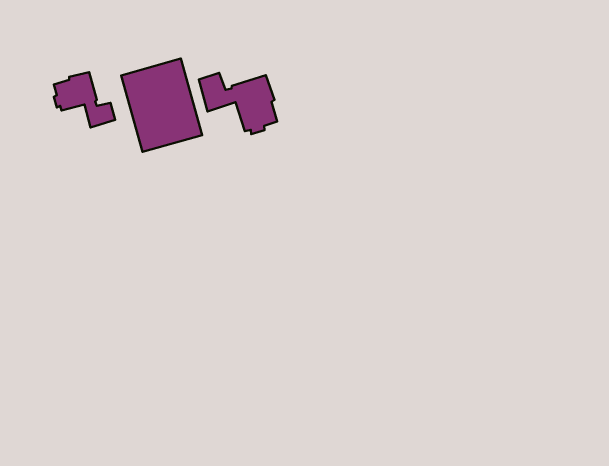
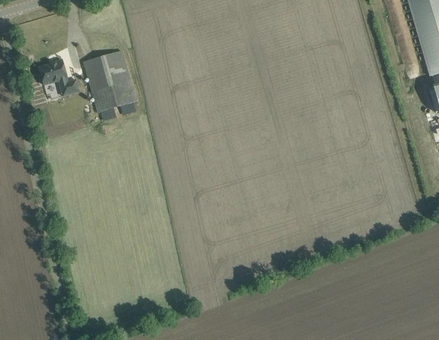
building: [199,73,277,134] -> none

